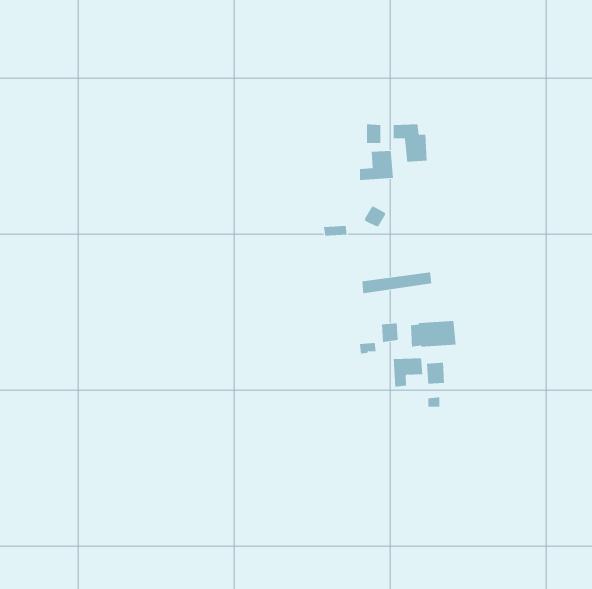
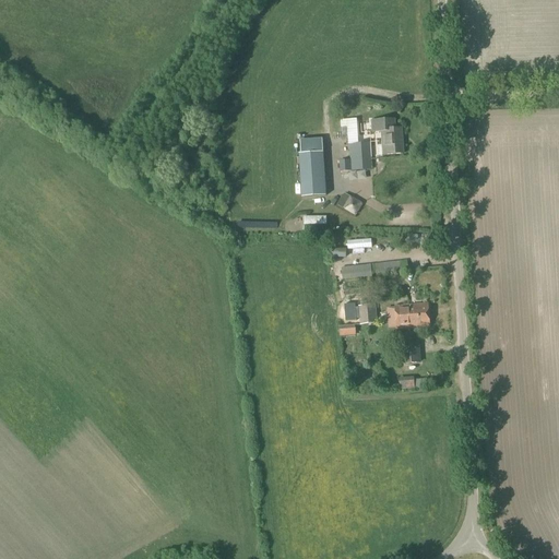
building: none -> [299,151,325,195]
building: [393,357,423,387] -> none

